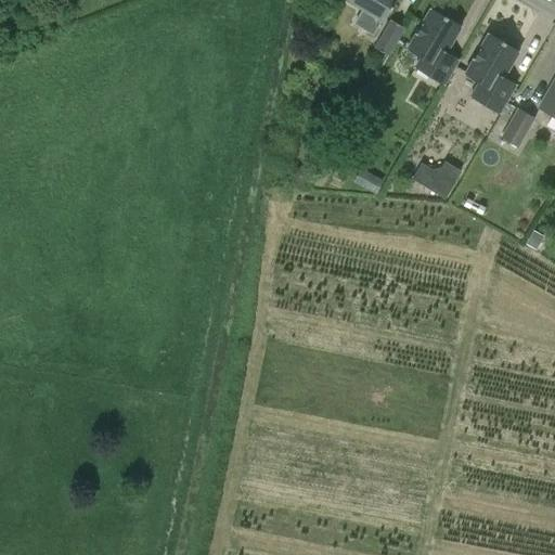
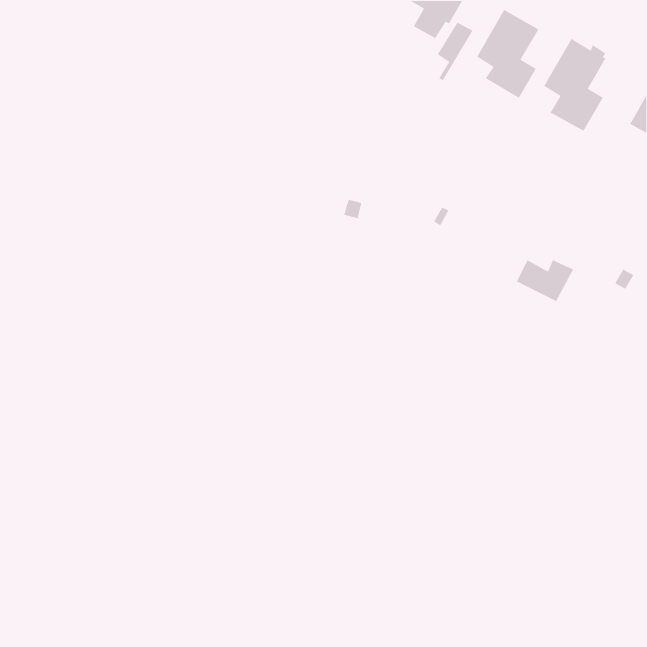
building: [502,108,533,145] -> none
building: [412,159,462,196] -> [516,259,574,302]

